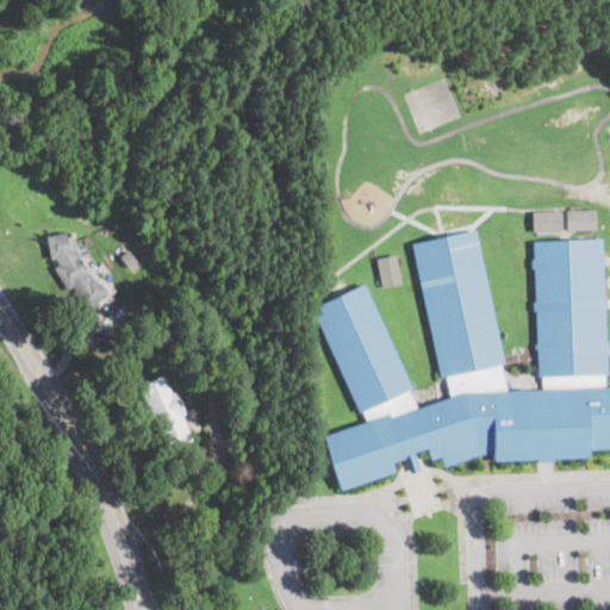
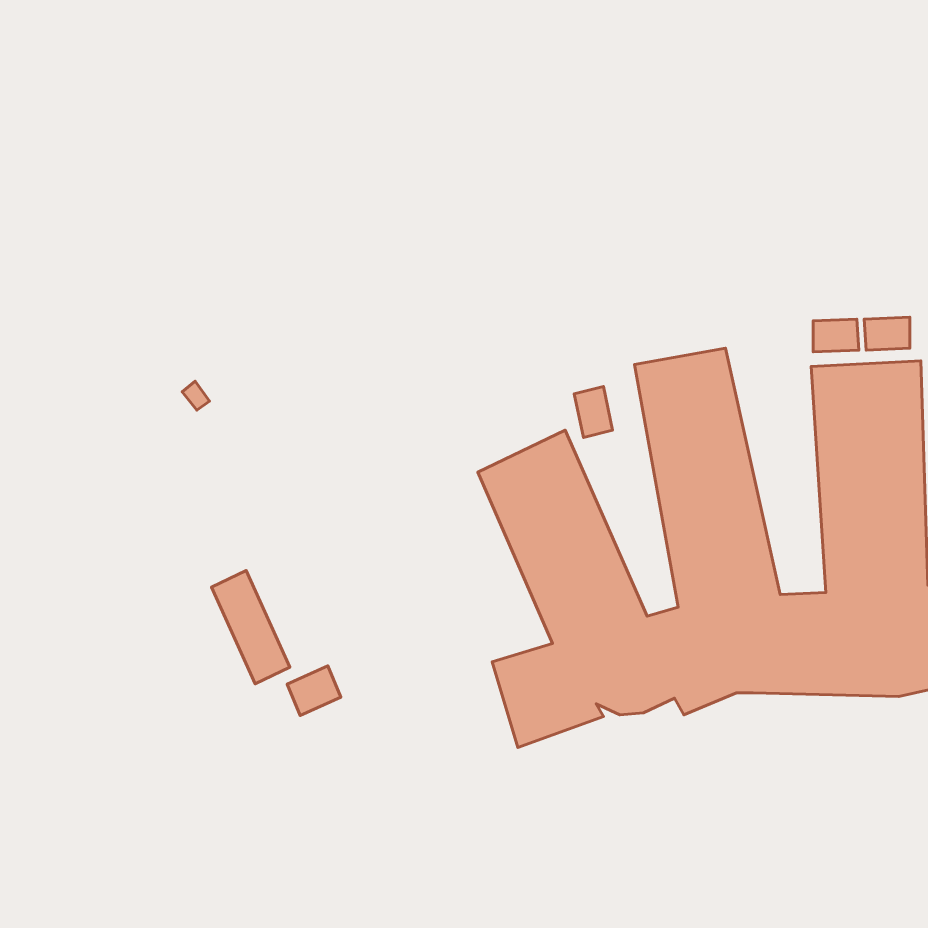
building: [45,228,108,312] -> none
building: none -> [287,666,341,716]

